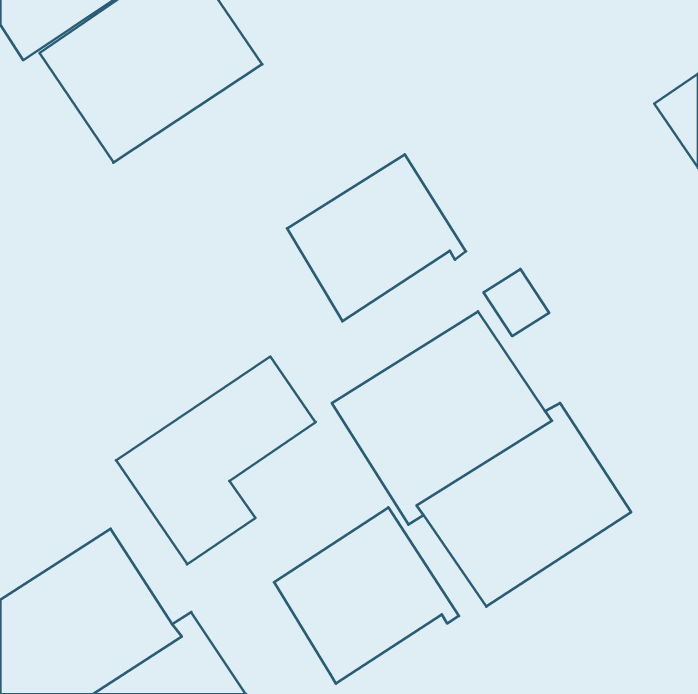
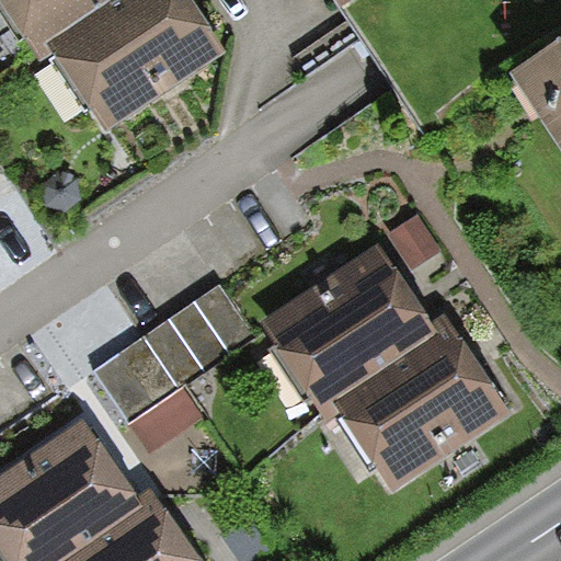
building: [287,154,466,321] -> none
building: [274,507,459,684] -> none

